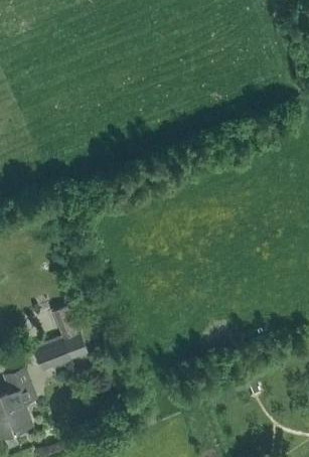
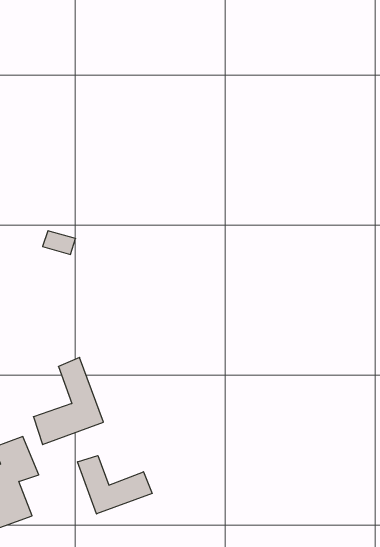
building: none -> [78,456,152,514]

